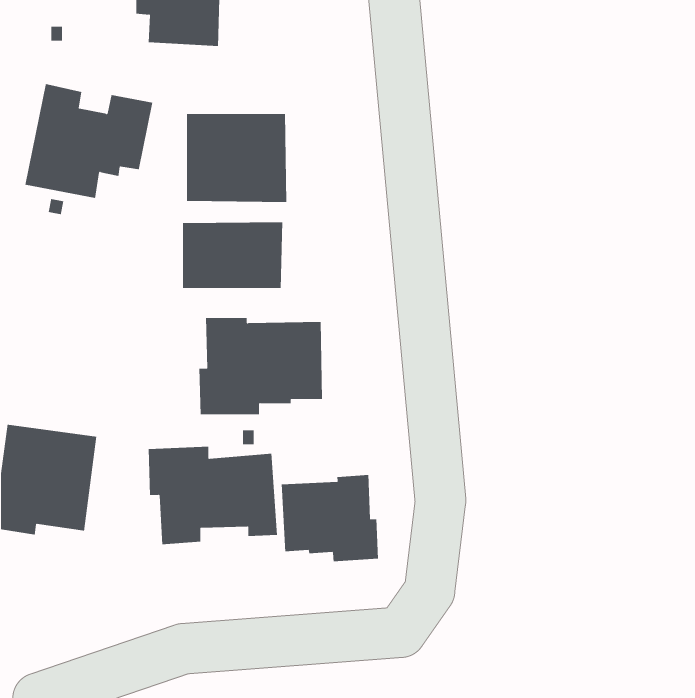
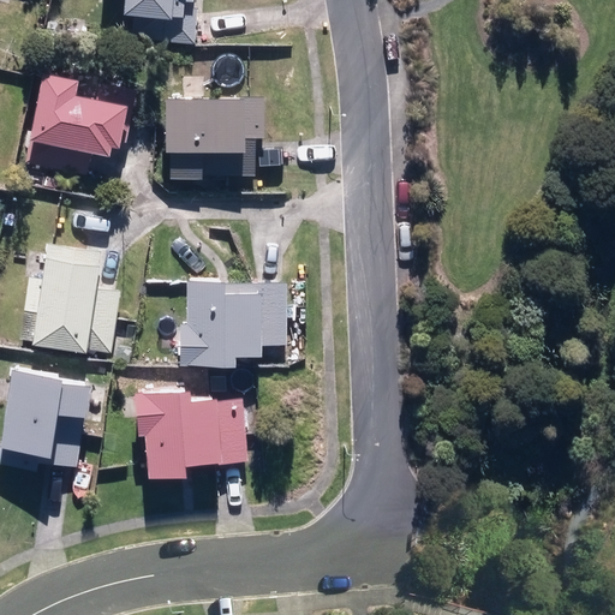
building: [182,221,283,289] -> none
building: none -> [19,243,120,353]
building: [281,474,379,562] -> none

